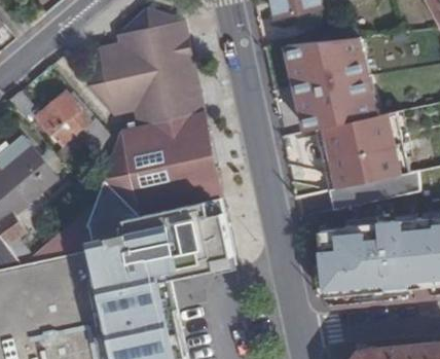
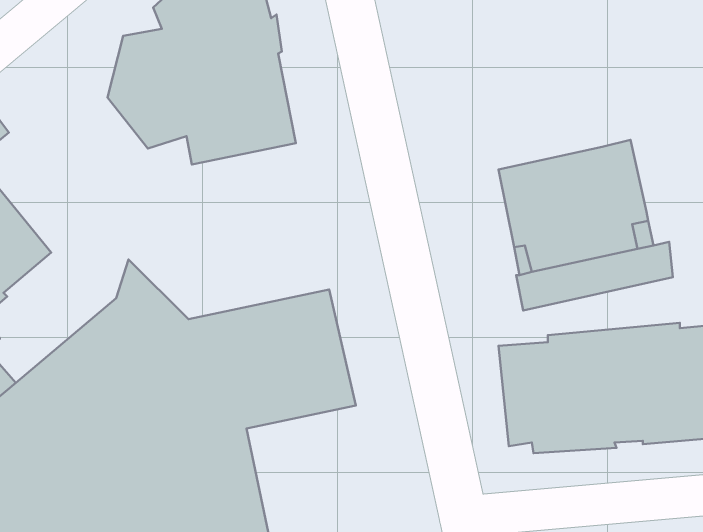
building: [285,37,378,133] -> none
building: [35,94,109,148] -> none
building: [102,113,219,217] -> none

